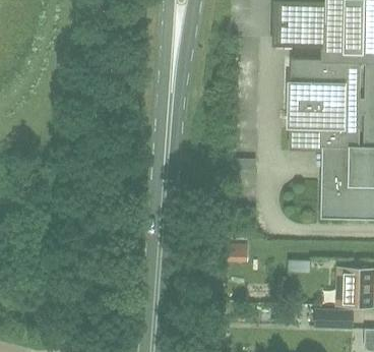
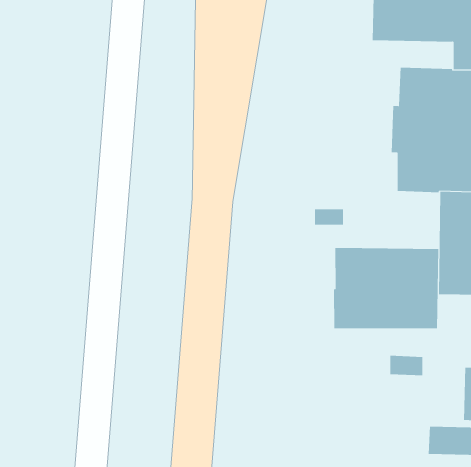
building: none -> [334,247,439,329]

